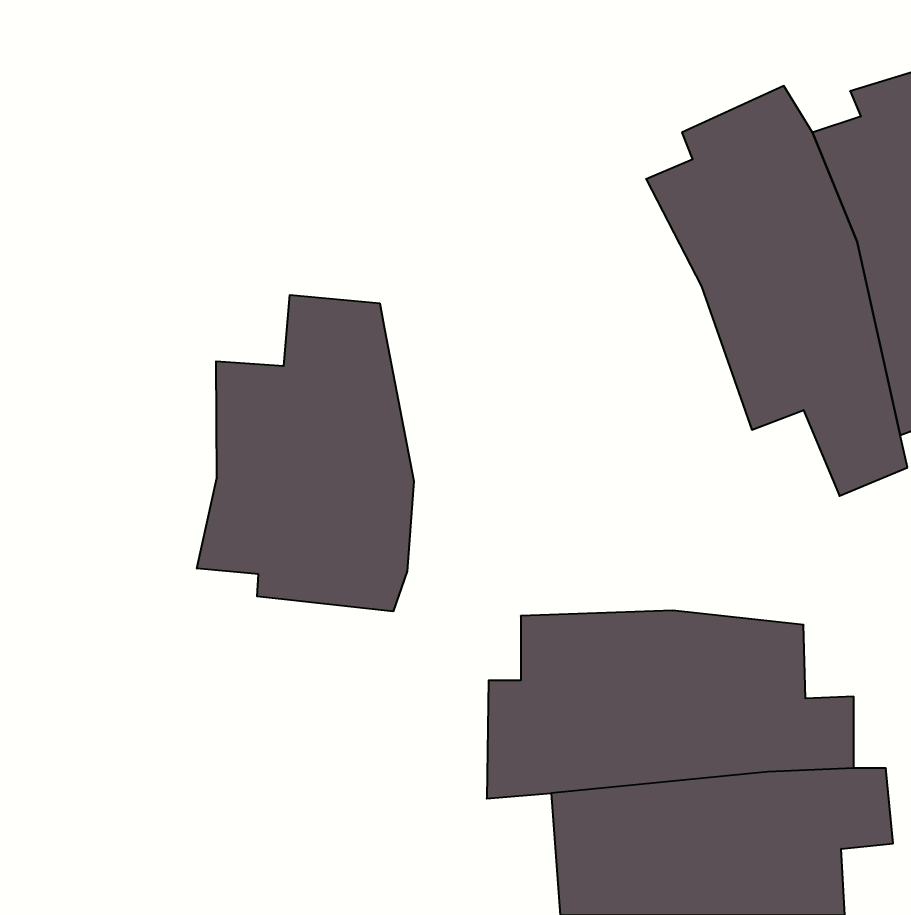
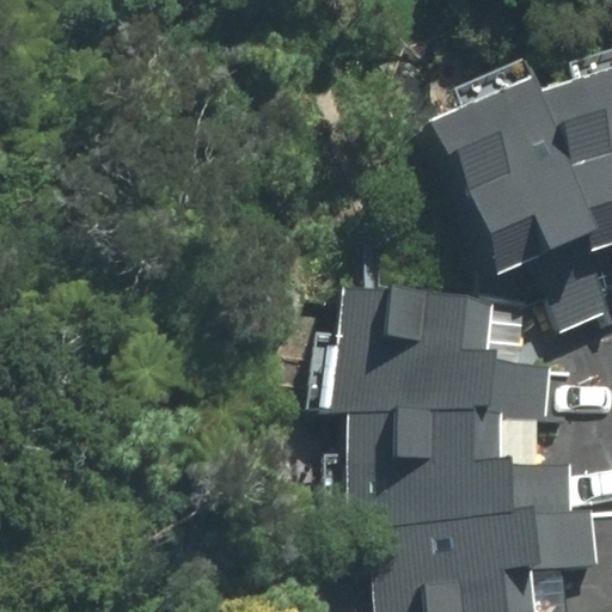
building: [197,295,414,611] -> none
building: none -> [310,288,552,417]

